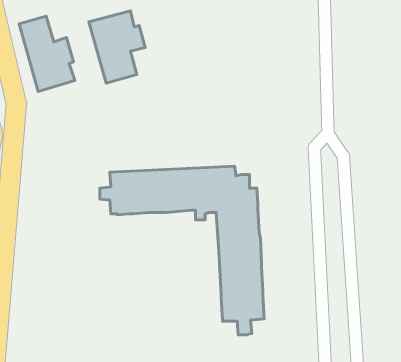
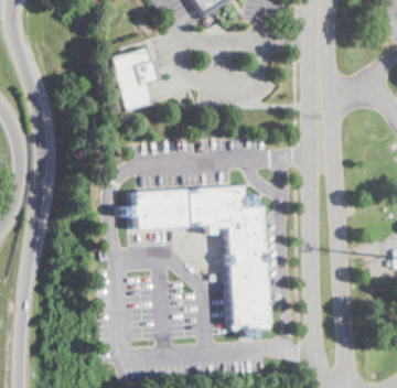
building: [19,16,75,92] -> none

